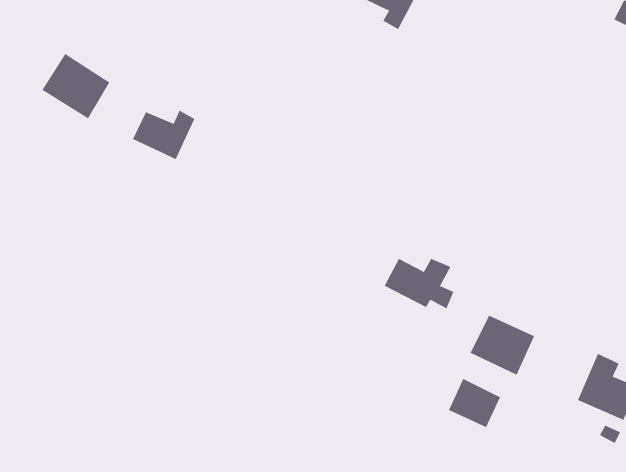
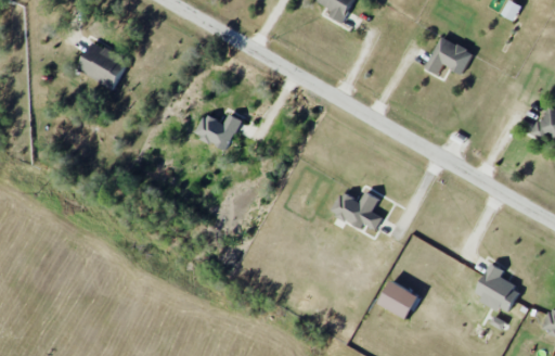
building: none -> [426,37,474,75]
building: [132,110,195,160] -> [194,114,241,151]
building: [470,315,535,375] -> none

